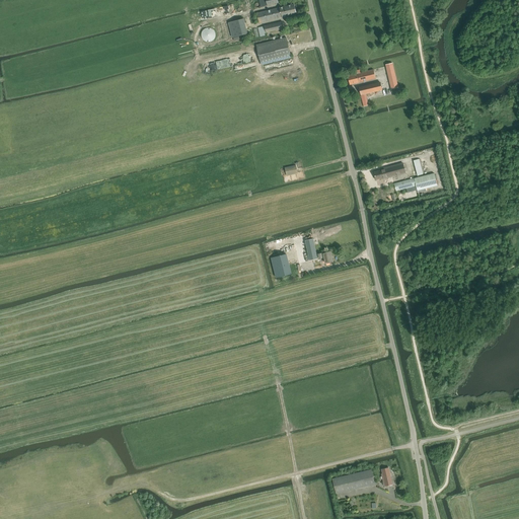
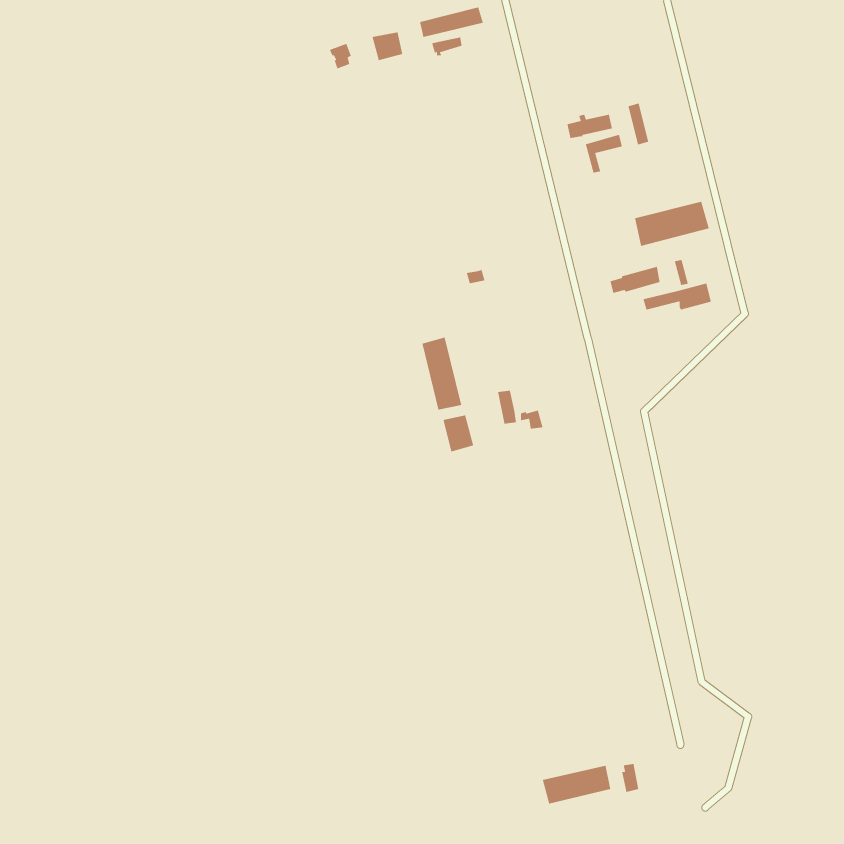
building: [256,38,291,65] -> none
building: none -> [634,201,710,247]
building: none -> [421,337,462,410]

